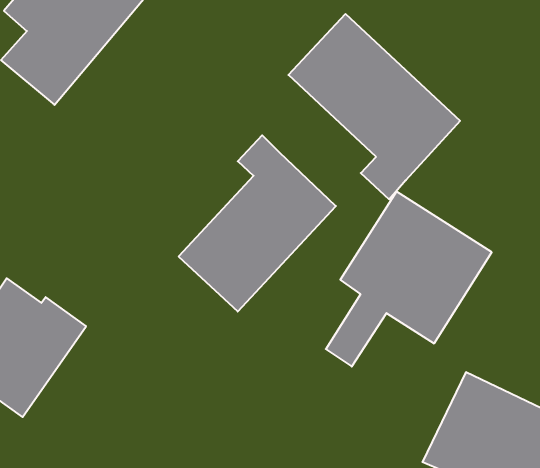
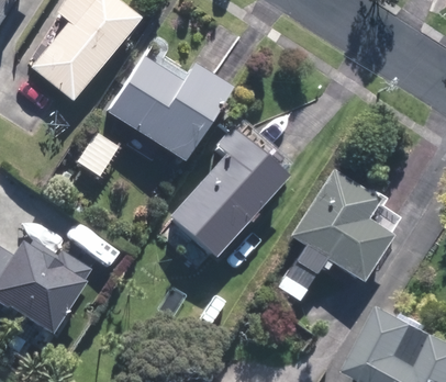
building: [288,14,460,199] -> none
building: none -> [105,41,232,167]

